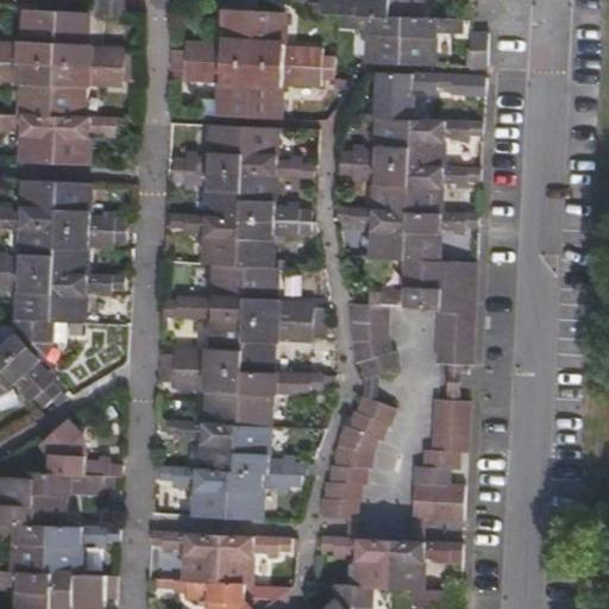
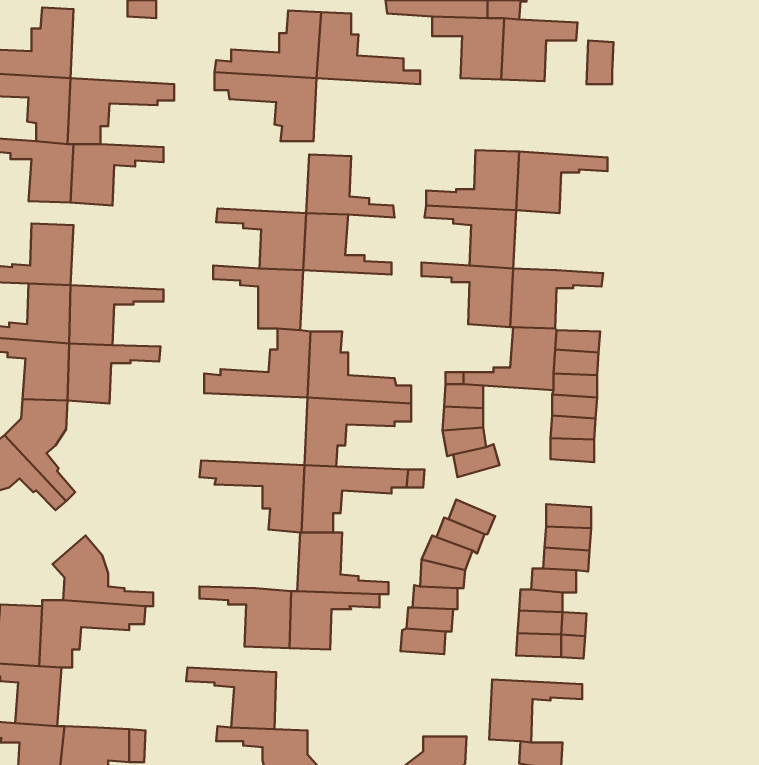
building: [56,8,139,68] -> none
building: [249,63,333,114] -> none
building: [376,74,485,121] -> none
building: [172,121,245,170] -> none
building: [407,168,481,215] -> none
building: [56,180,130,231] -> none
building: [238,215,310,264] -> none
building: [159,315,244,370] -> none
building: [167,420,238,470] -> none
building: [45,530,118,578] -> none
building: [218,534,290,580] -> none
building: [318,538,390,588] -> none

